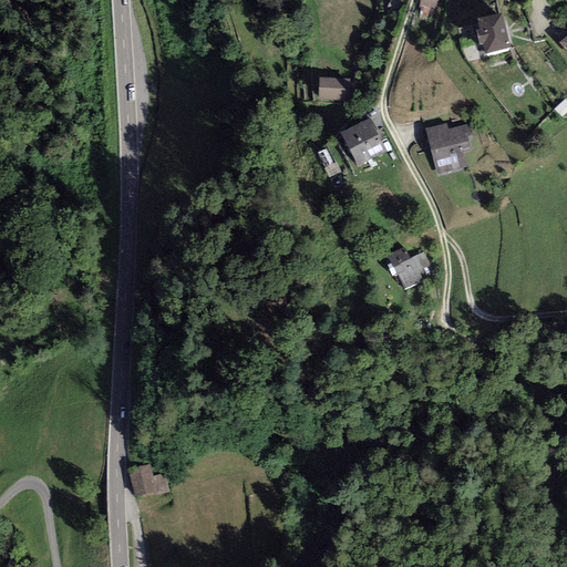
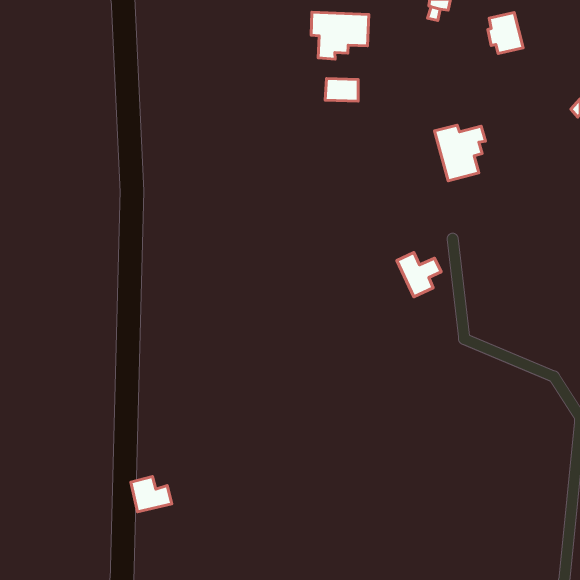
building: none -> [311,12,369,59]
building: [339,116,385,166] -> none

